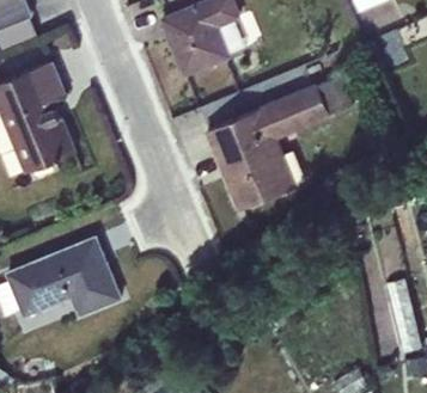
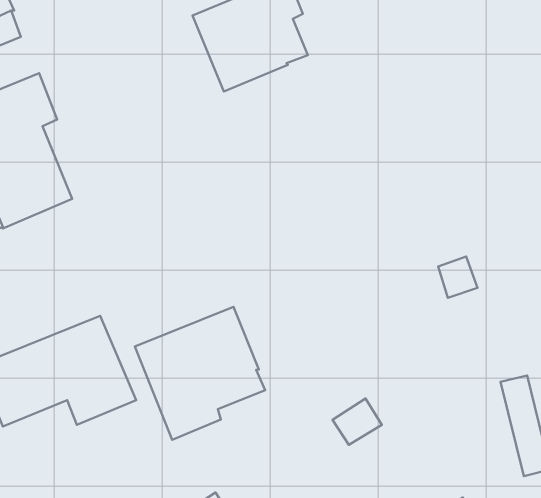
building: [206,76,353,210] -> none
building: none -> [135,307,265,440]

